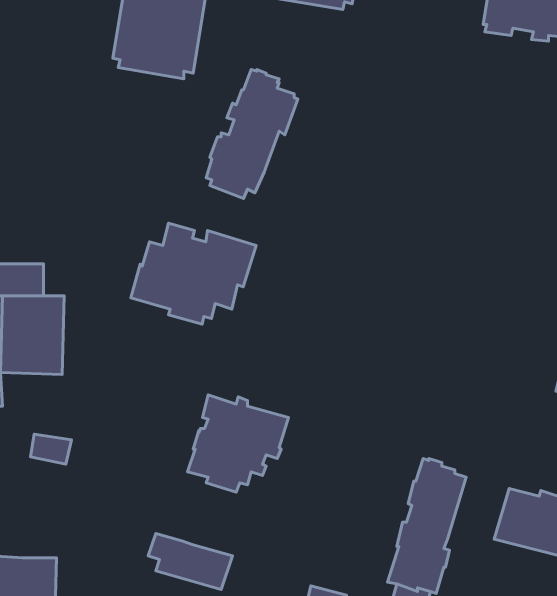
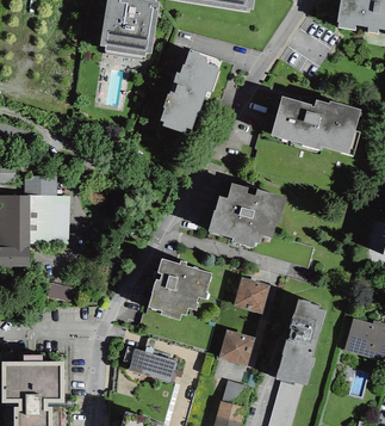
building: none -> [271,95,361,154]
building: [131,223,256,324] -> [207,183,287,247]
building: none -> [232,276,271,314]
building: none -> [217,328,255,365]

